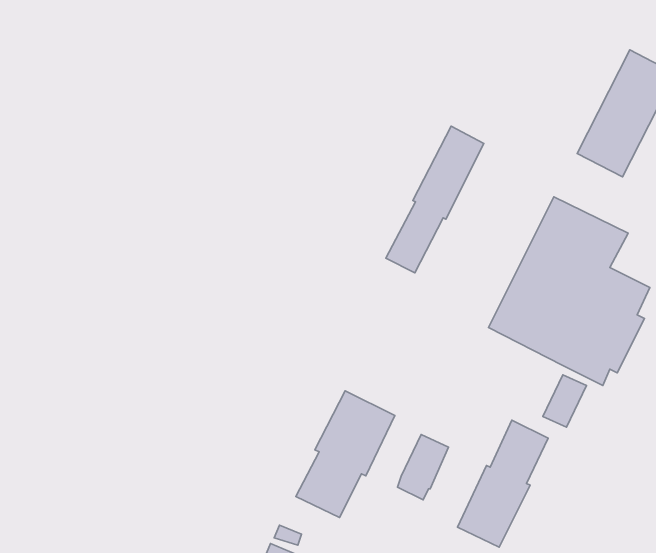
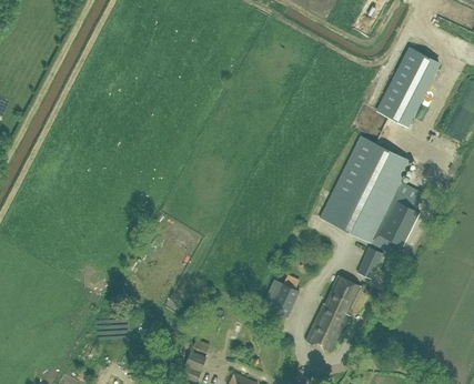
building: [386,126,484,273] -> none
building: [296,391,395,517] -> none

